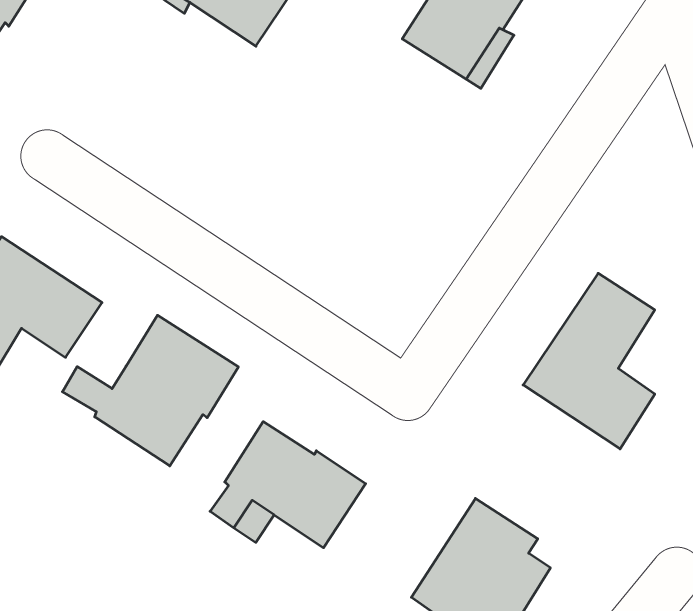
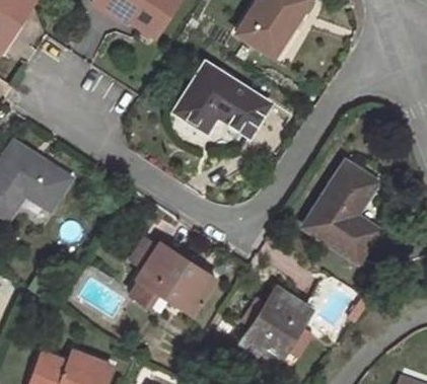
building: none -> [175,63,269,134]
building: [62,315,238,466] -> none

